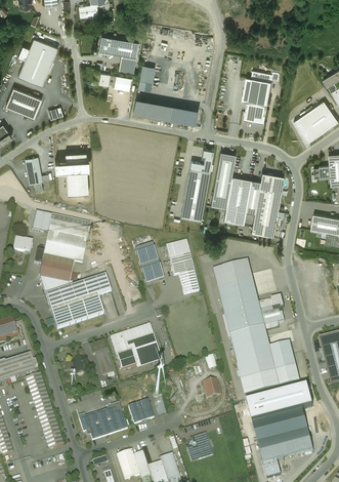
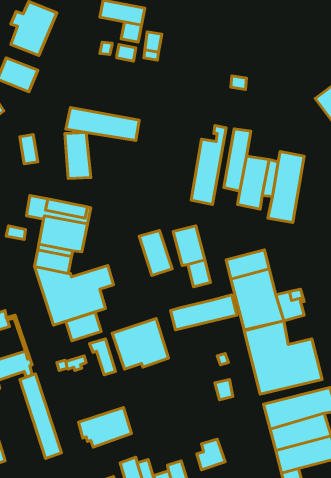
building: [244,72,276,124] -> none
building: [133,96,200,126] -> [66,108,139,140]
building: none -> [170,295,237,330]
building: none -> [66,312,101,341]
building: [128,400,154,424] -> none

